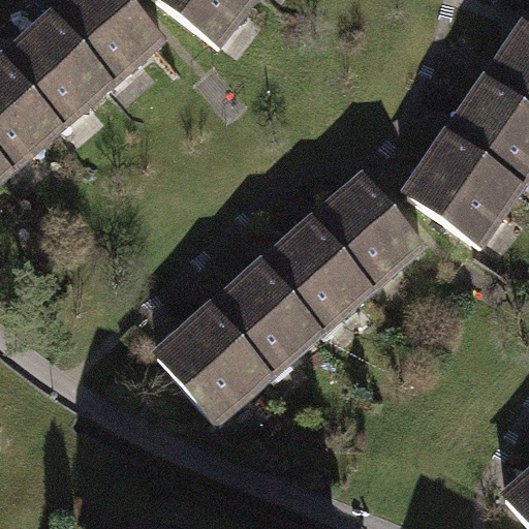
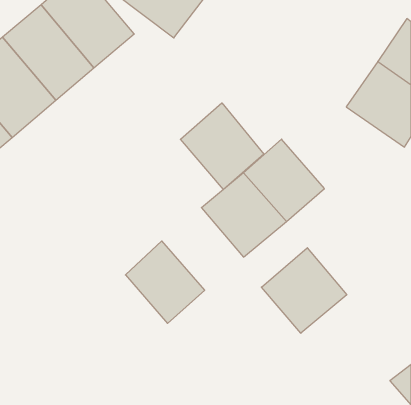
building: none -> [180,103,264,190]
building: [407,136,517,238] -> none
building: [207,266,311,371] -> none
building: none -> [261,248,347,333]

